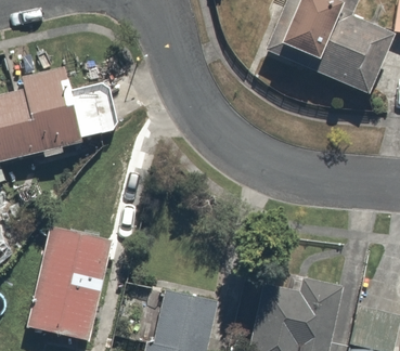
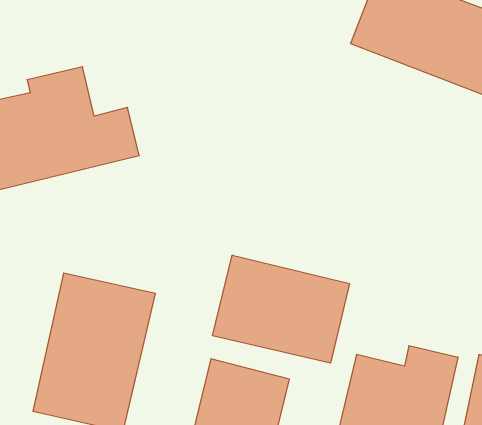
building: none -> [213,255,349,363]

